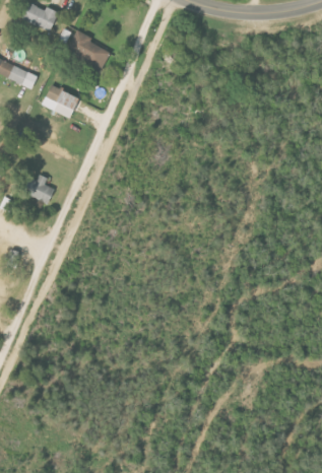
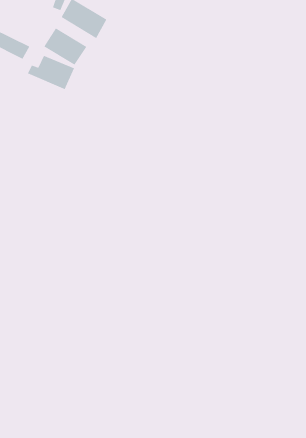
building: none -> [43,28,87,66]
building: [26,174,54,203] -> none

